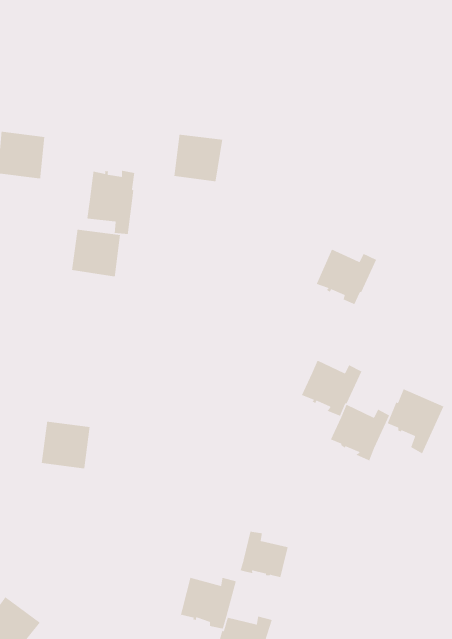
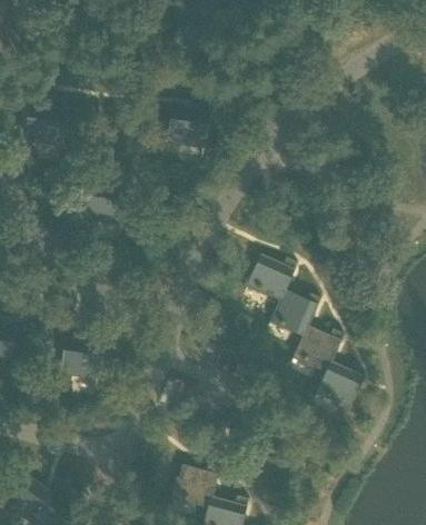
building: [86,157,135,235] -> none
building: [311,249,377,305] -> [244,257,297,303]
building: [382,388,445,454] -> [314,364,364,417]
building: [239,531,289,587] -> none

